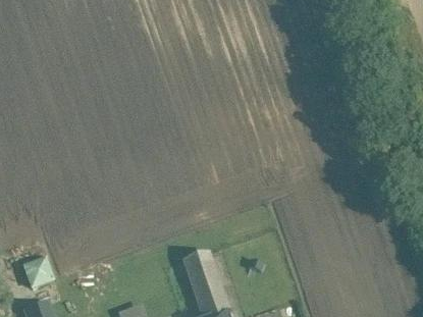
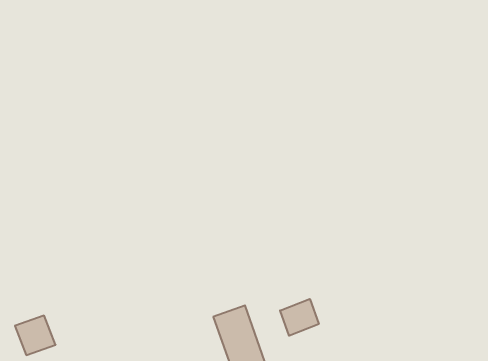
building: none -> [280,299,319,336]

